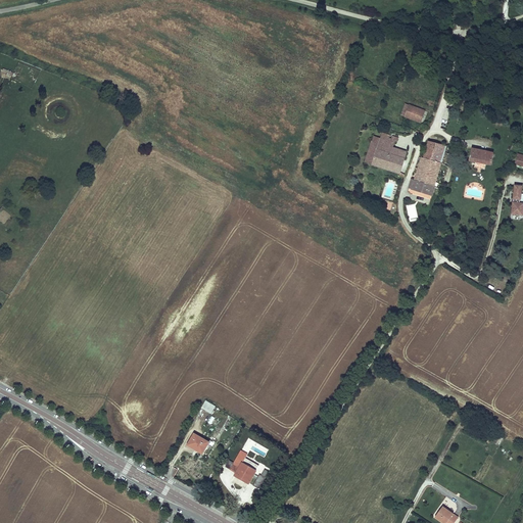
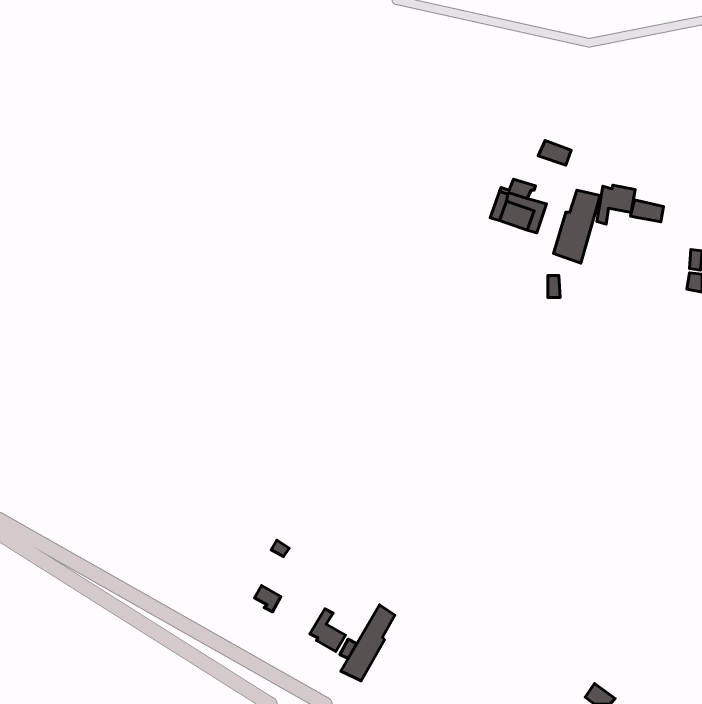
building: none -> [597,185,635,224]
building: none -> [341,605,395,681]

